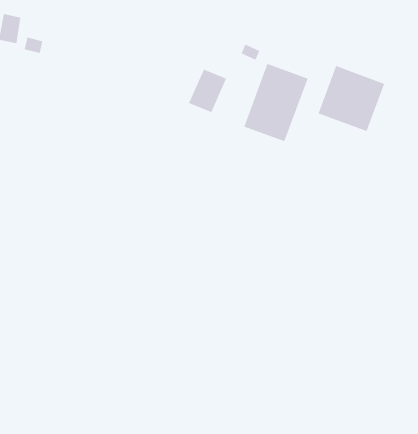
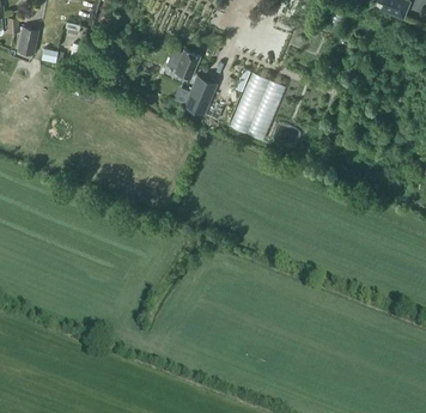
building: none -> [166,49,199,78]
building: [318,65,385,132] -> none

